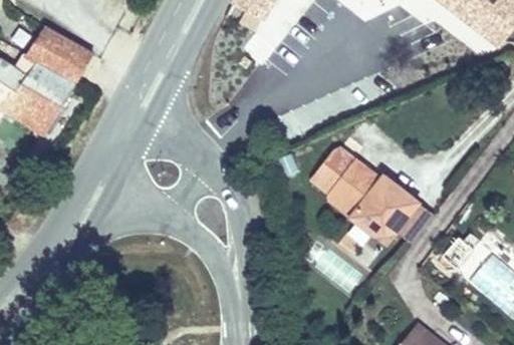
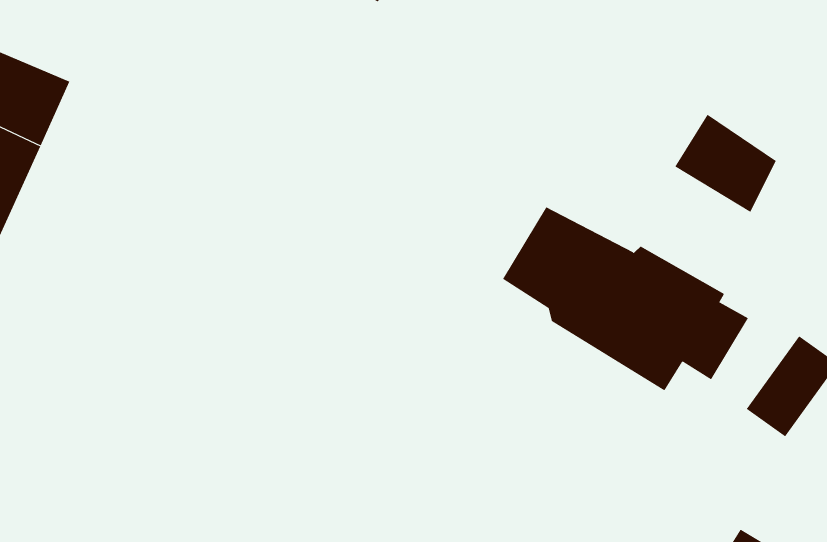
building: none -> [675,114,777,213]

